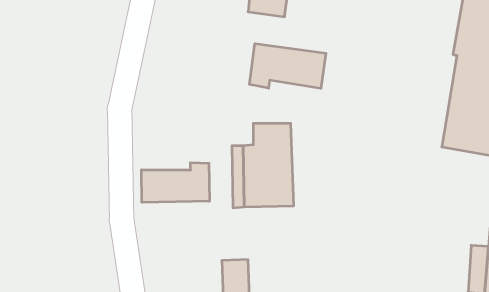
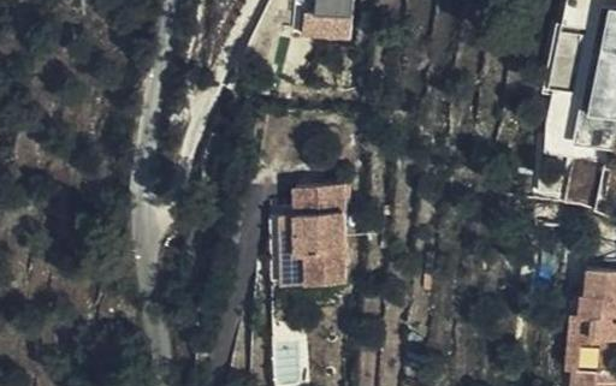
building: [249,44,326,88] -> none
building: [142,163,209,202] -> none

